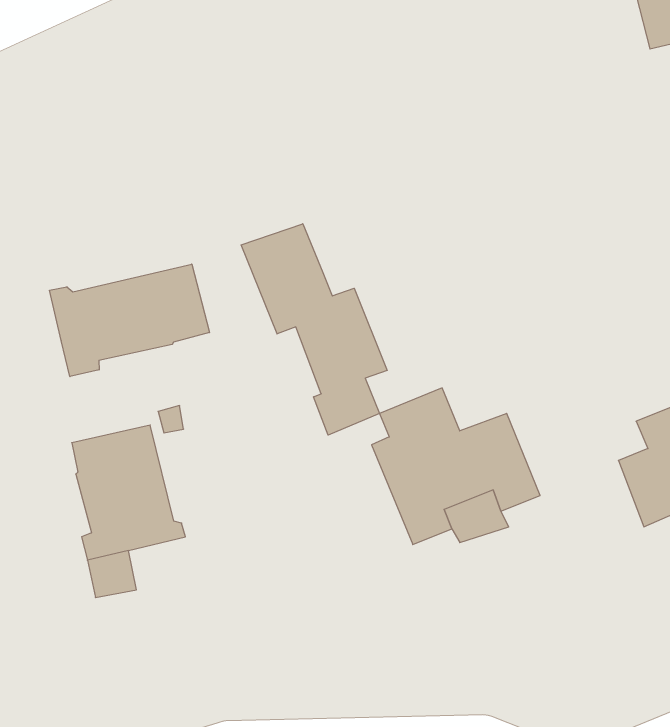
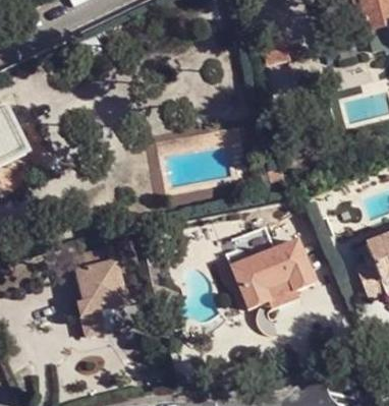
building: [241,224,387,435] -> none
building: [50,264,209,377] -> none

